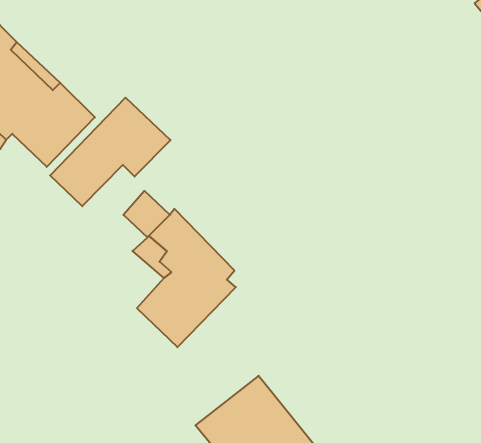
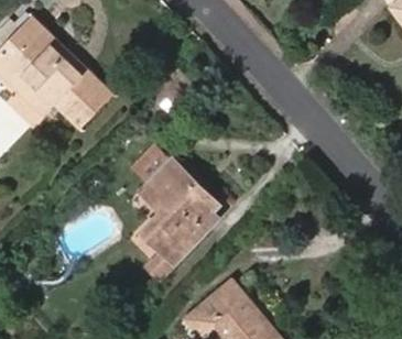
building: [50,98,171,206] -> none

